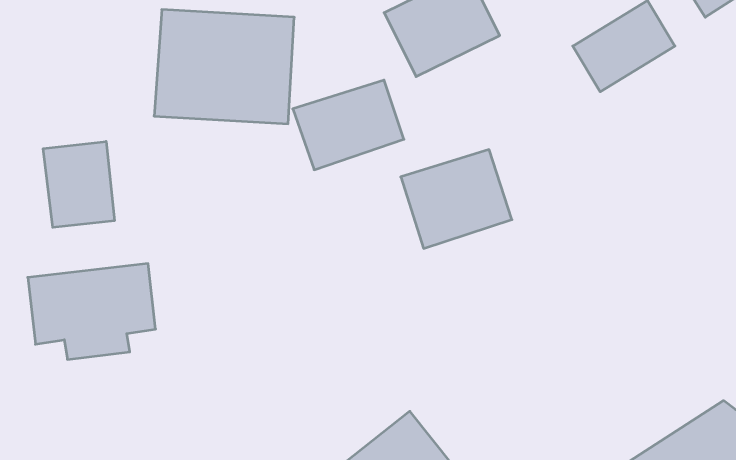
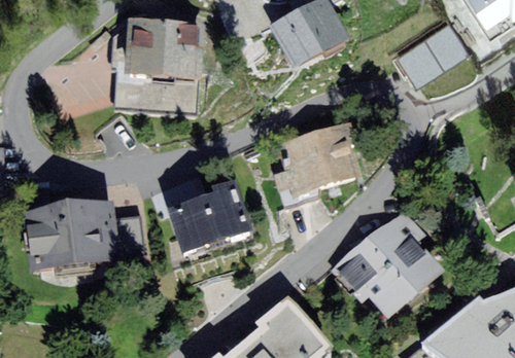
building: [293,80,404,170] -> [169,185,244,246]
building: [43,141,114,227] -> none
building: none -> [336,213,441,321]

